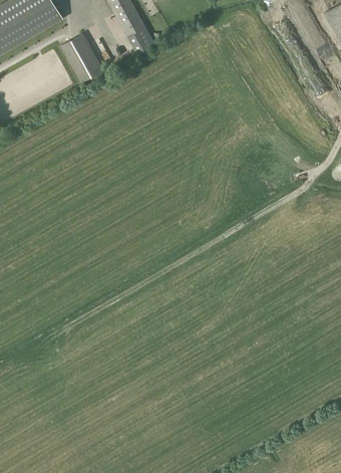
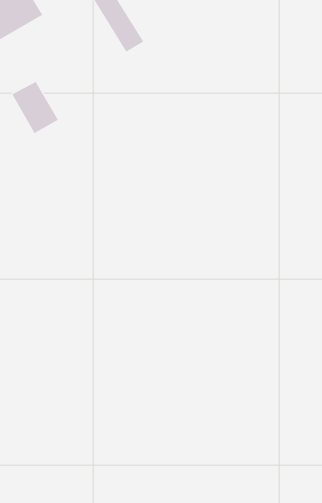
building: [59,32,103,81] -> [11,81,59,134]

